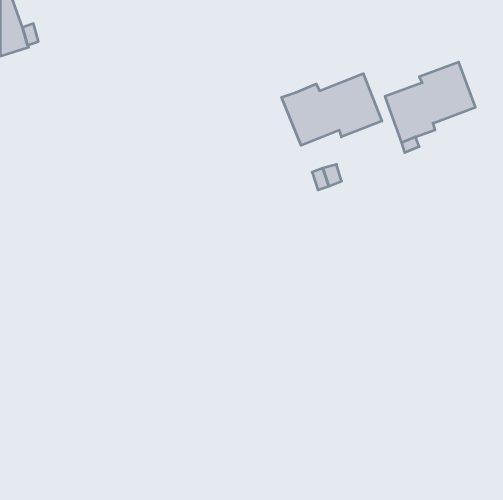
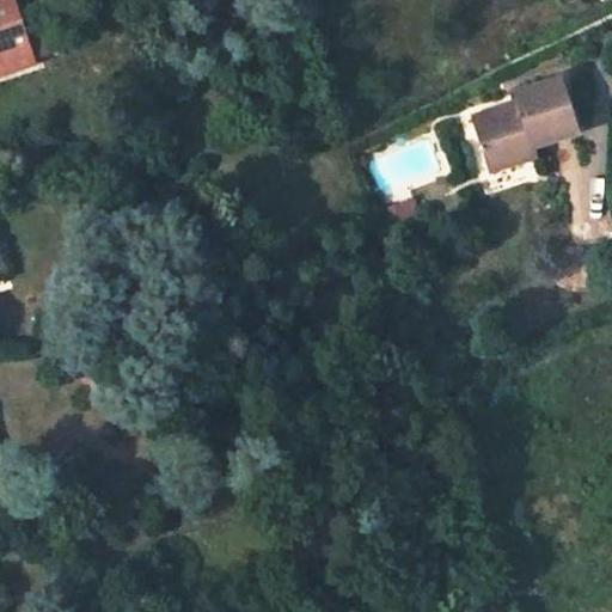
building: [282,74,382,145] -> none

